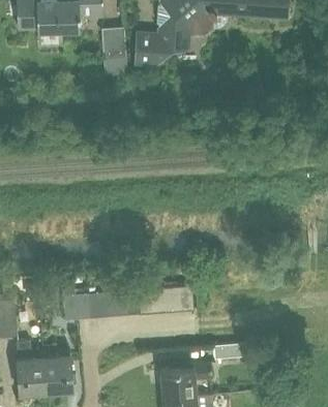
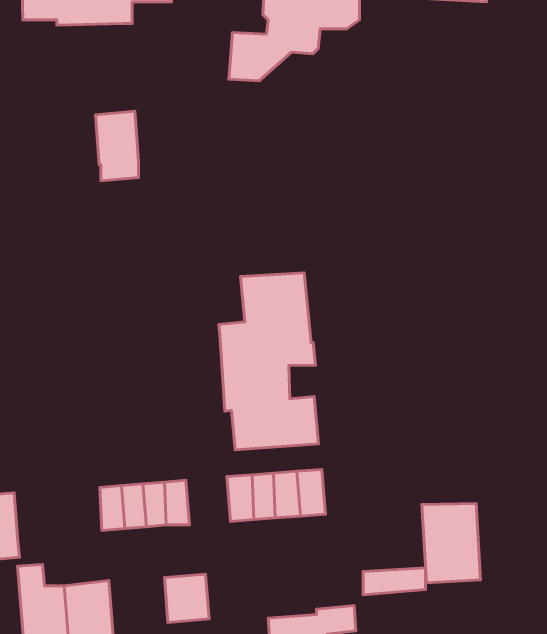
building: [101,27,126,67] -> [96,111,138,181]
building: none -> [219,273,319,450]
building: [112,290,138,318] -> [164,574,209,622]
building: none -> [422,503,481,583]

